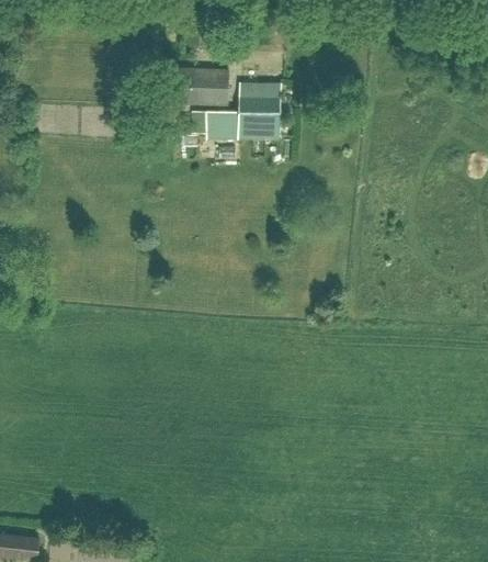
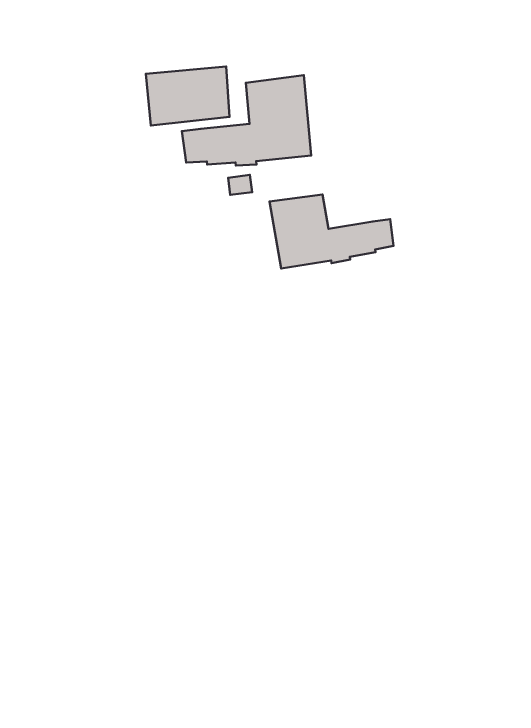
building: none -> [270,195,393,268]

